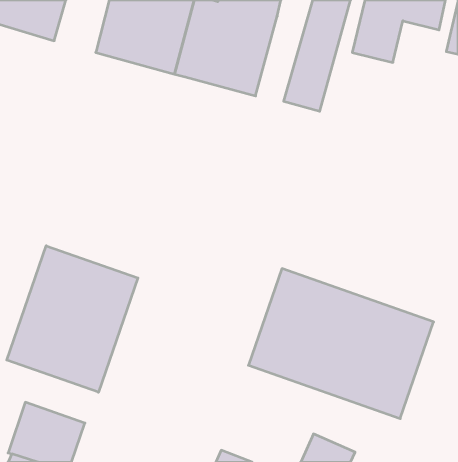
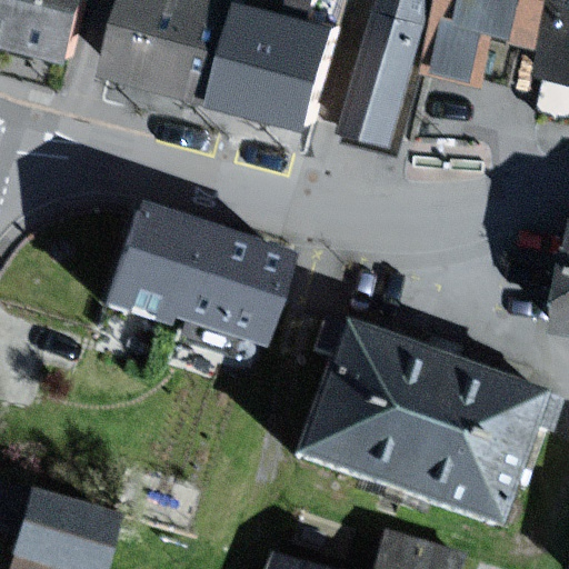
building: none -> [106,206,286,339]
building: [7,246,138,392] -> none

